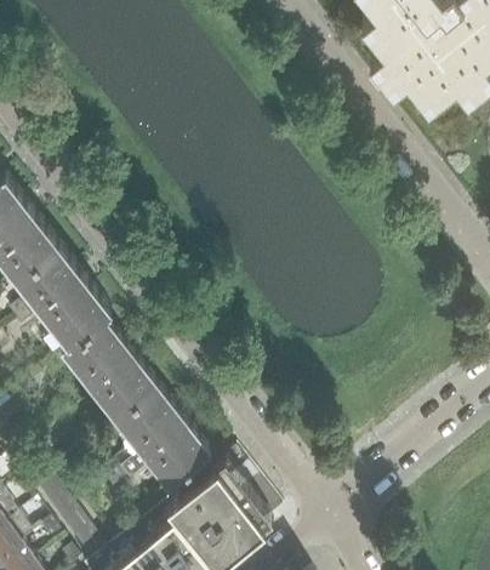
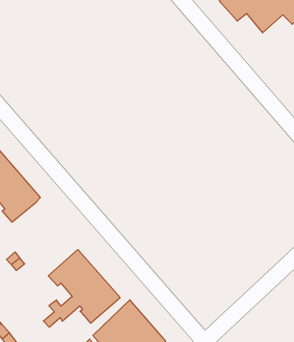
building: [62,324,158,426] -> none

